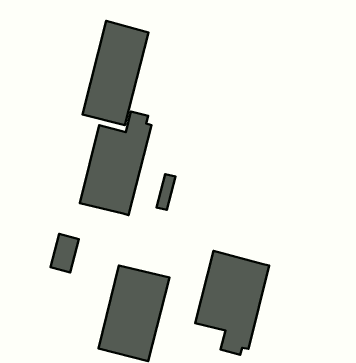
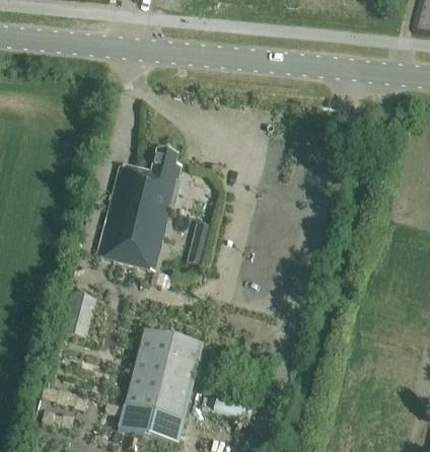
building: [83,21,149,125] -> none
building: [195,251,269,355] -> none

